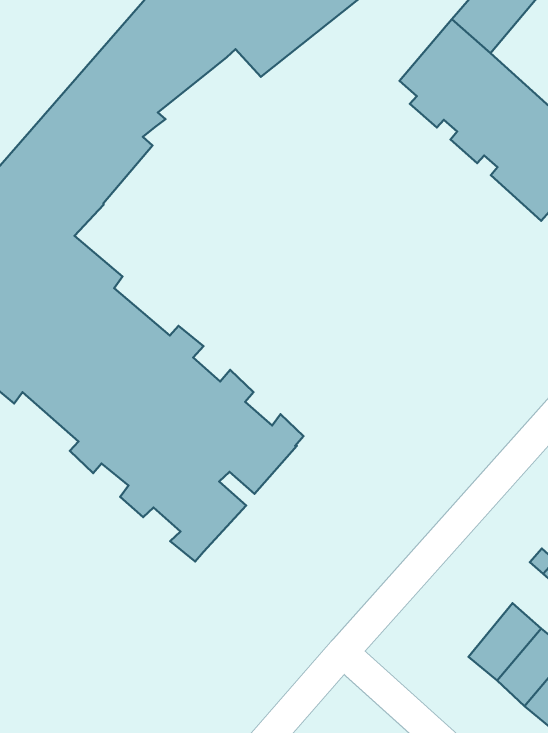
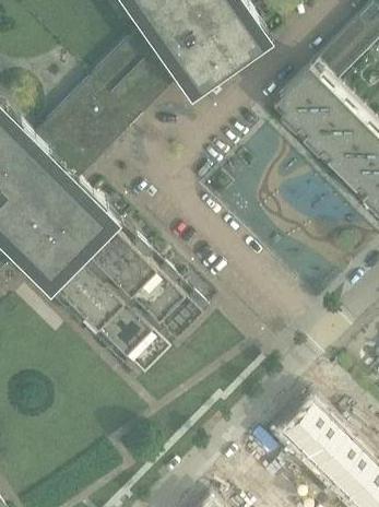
building: none -> [281,401,324,446]

